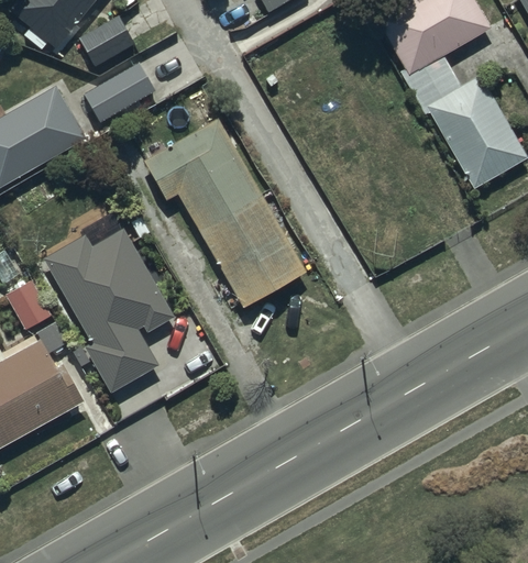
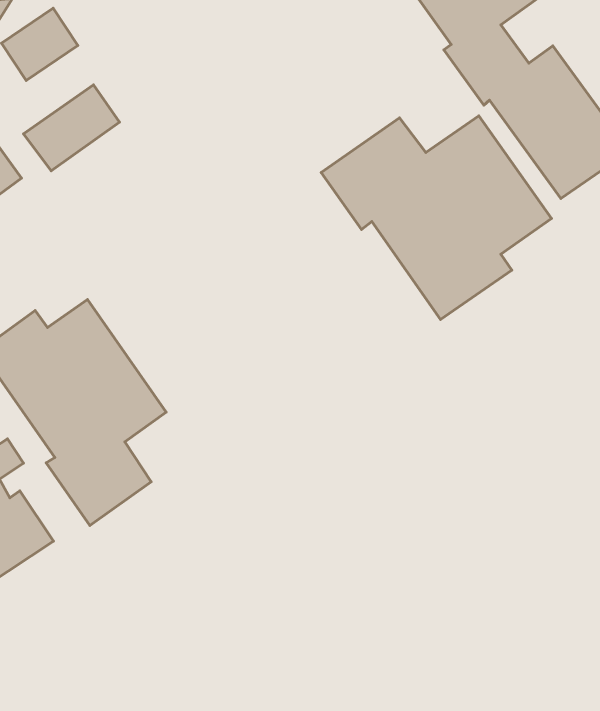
building: none -> [321,116,552,319]
building: [143,119,306,306] -> none

